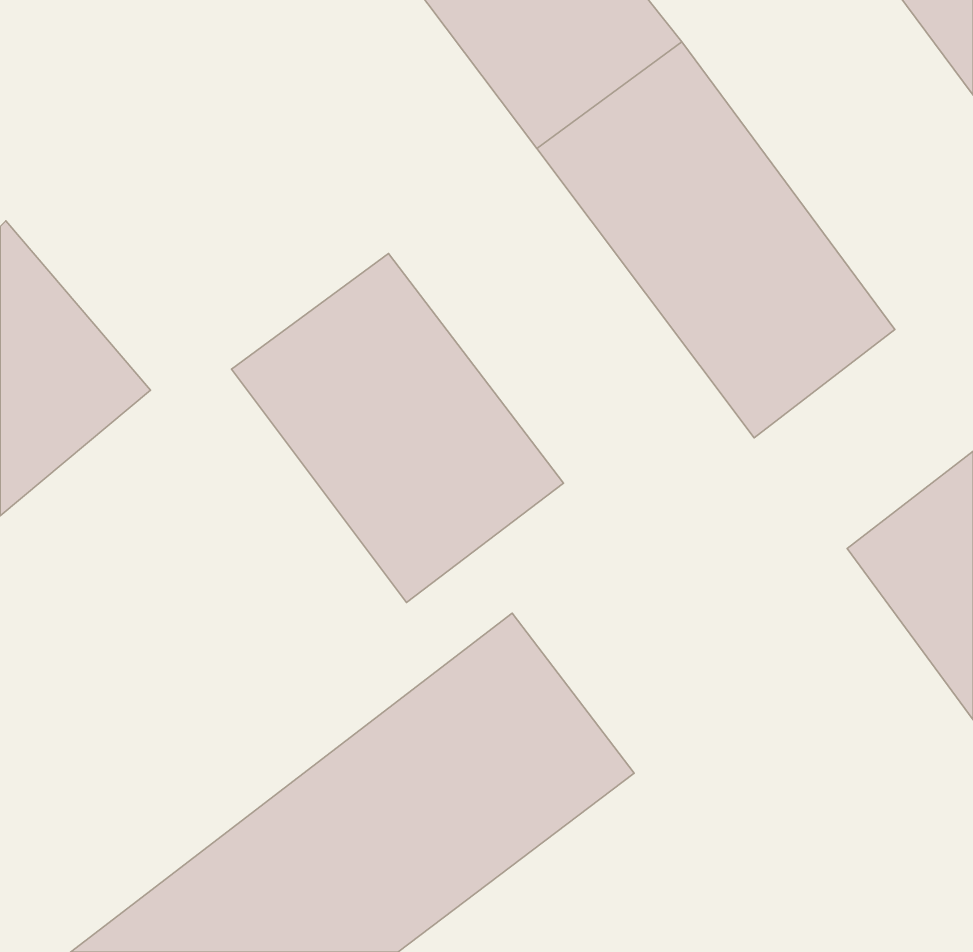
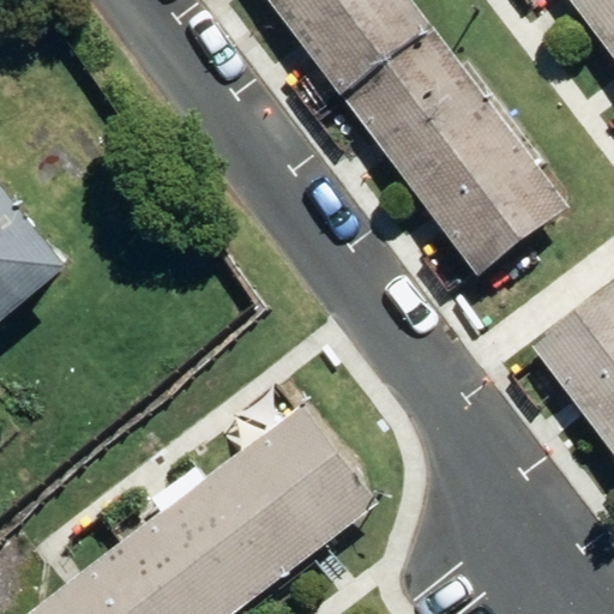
building: [231,253,564,603] -> none

